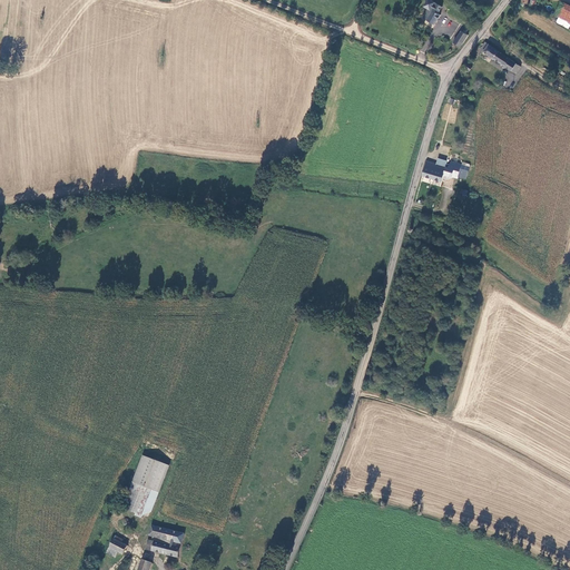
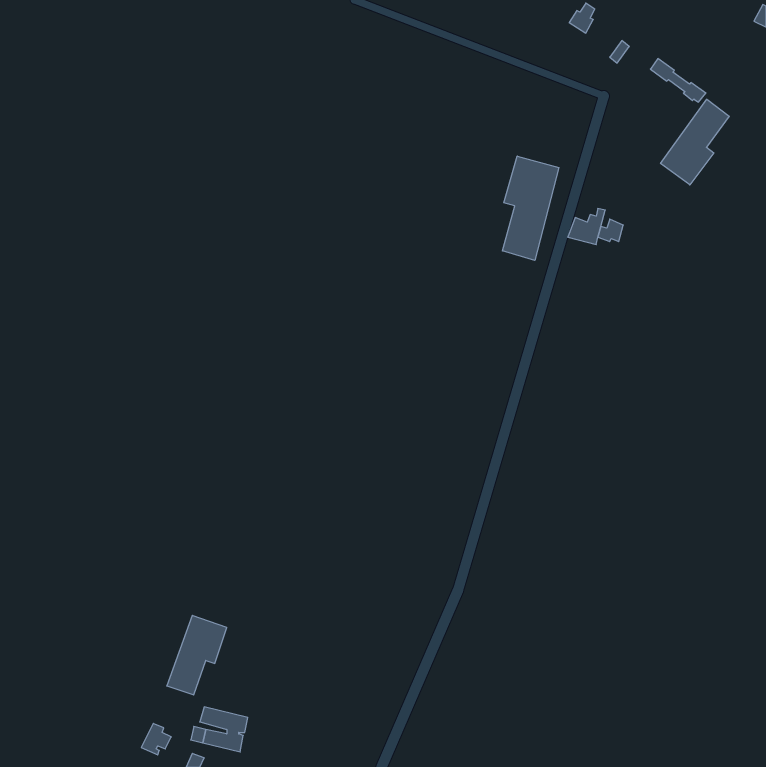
building: none -> [661,99,729,185]
building: none -> [502,156,559,260]

